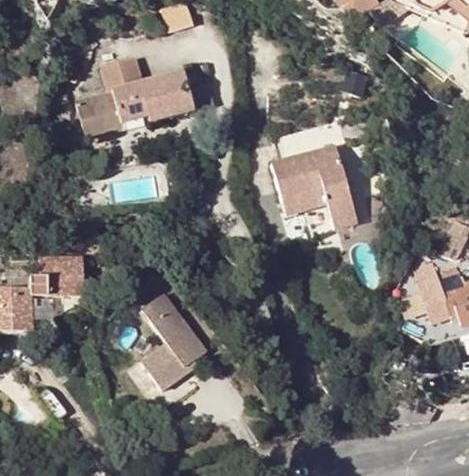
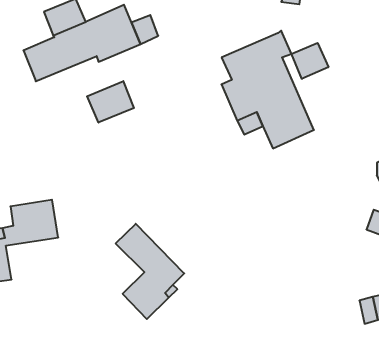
building: none -> [291,43,328,79]
building: none -> [87,81,134,123]

